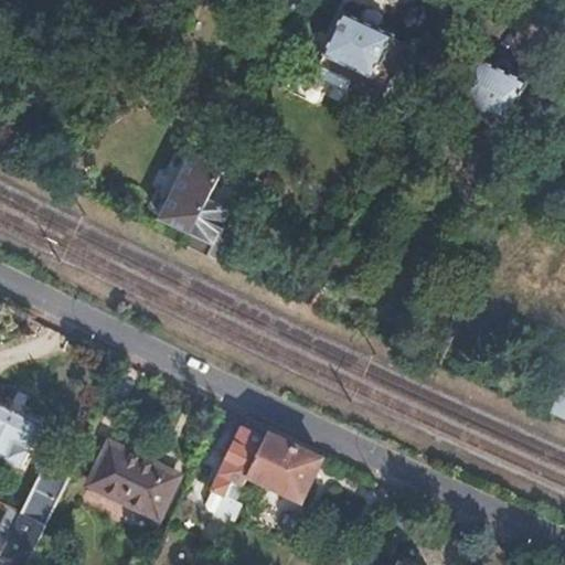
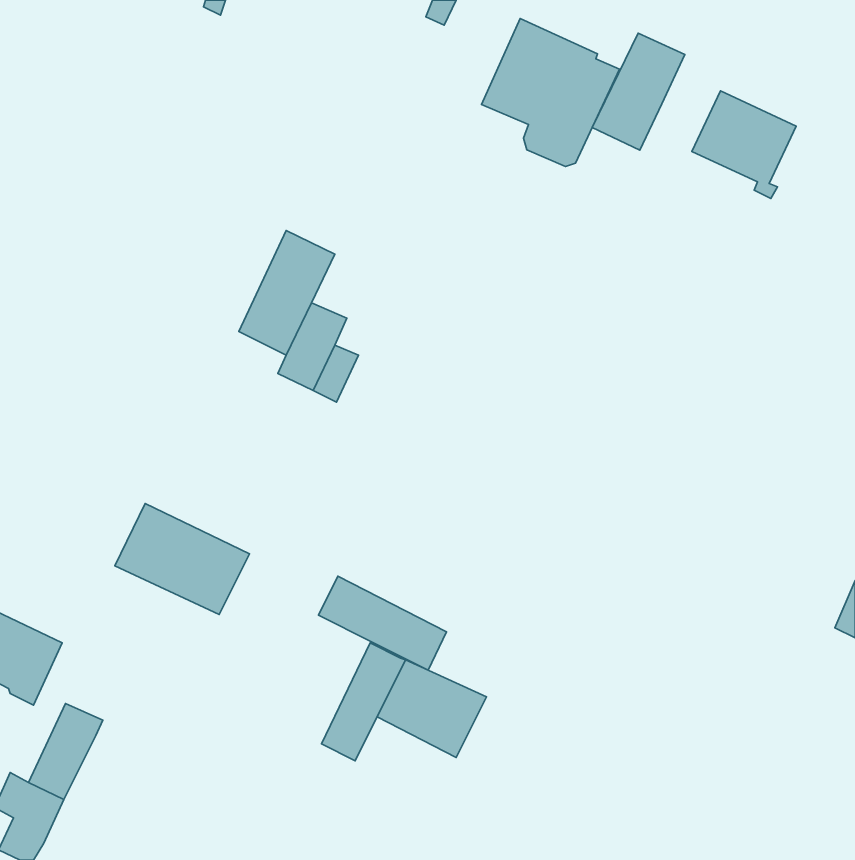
building: none -> [592,33,685,150]
building: none -> [318,576,446,670]
building: [87,444,175,516] -> [115,503,249,615]

